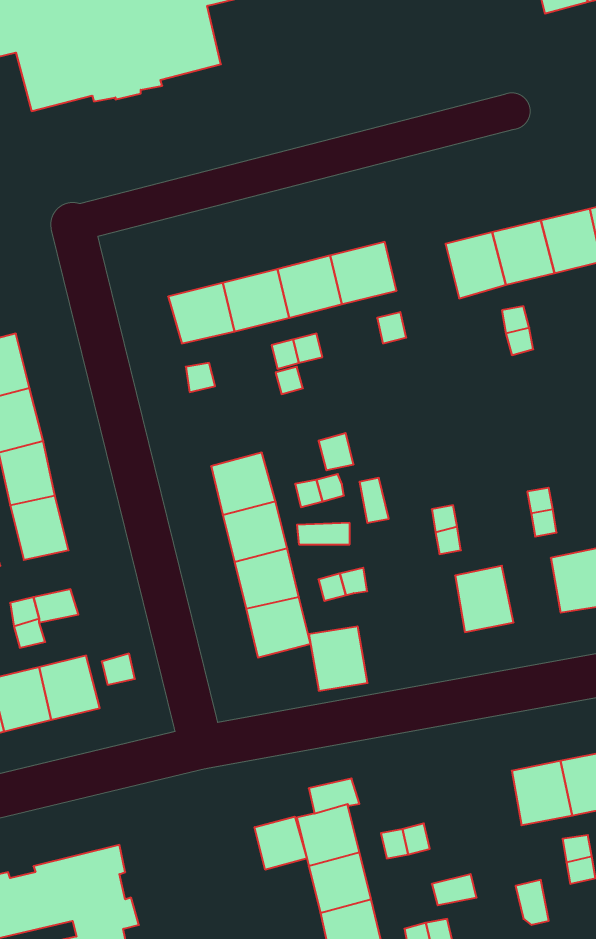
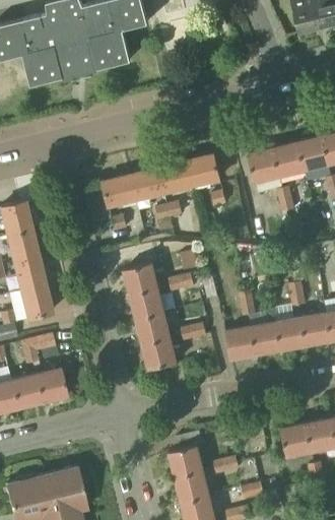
building: none -> [276,318,307,351]
building: [309,626,368,691] -> [226,327,257,361]
building: [255,817,307,870] -> none

